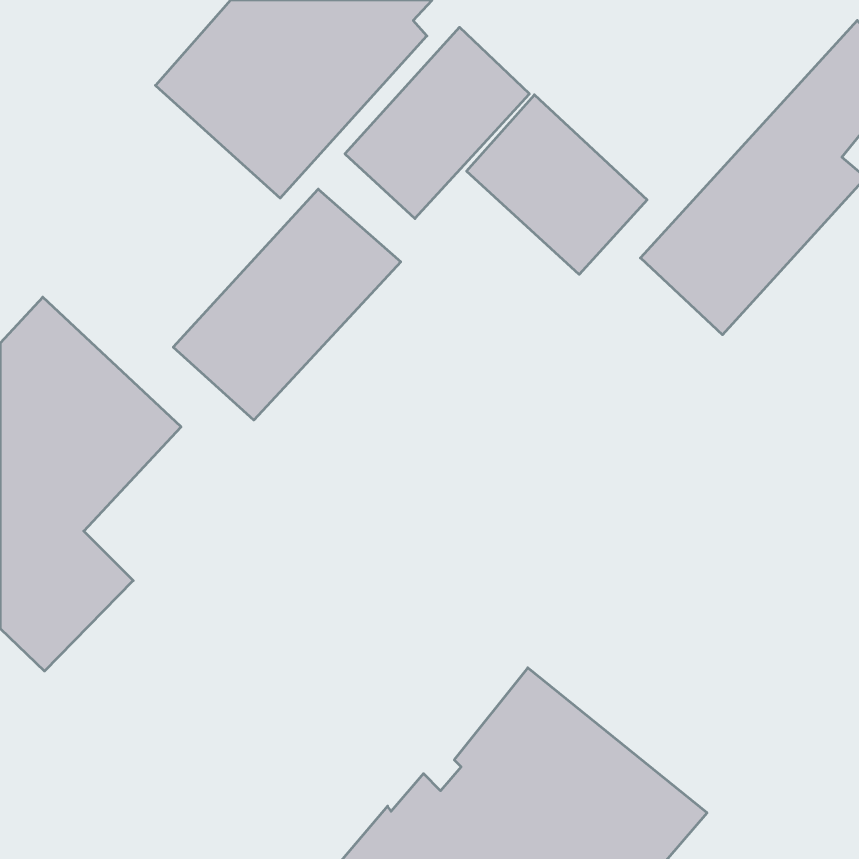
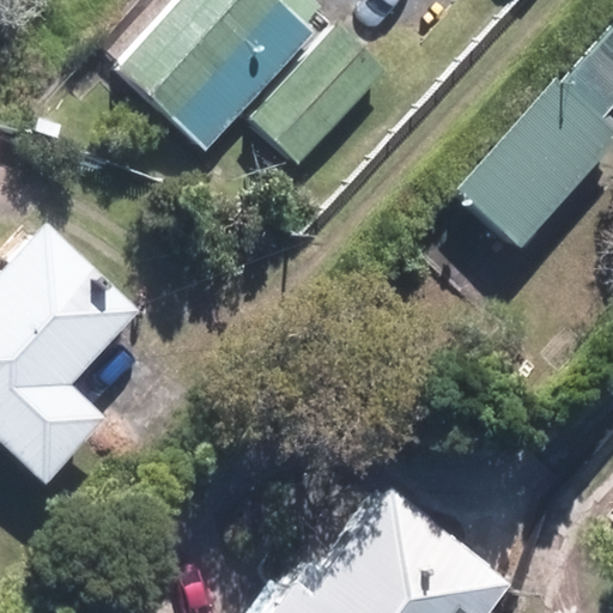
building: [467,95,647,274] -> none
building: [173,189,401,420] -> none

